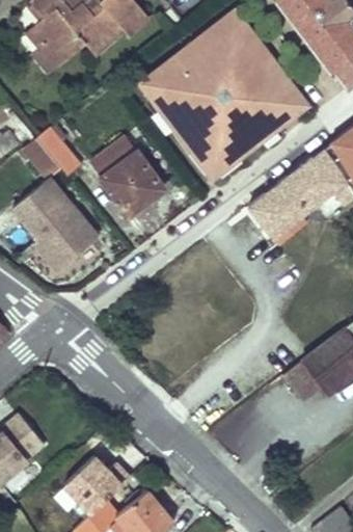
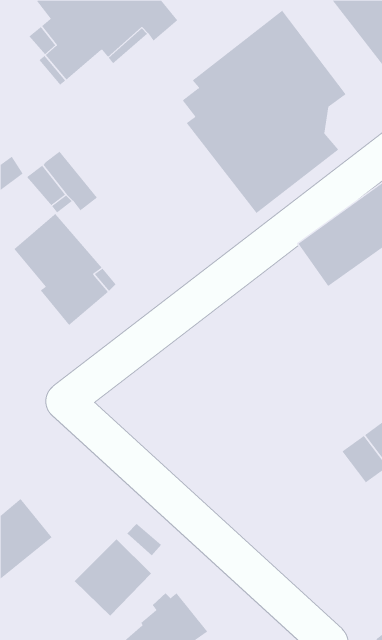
building: [270,80,307,126] -> none
building: [91,137,165,215] -> none

